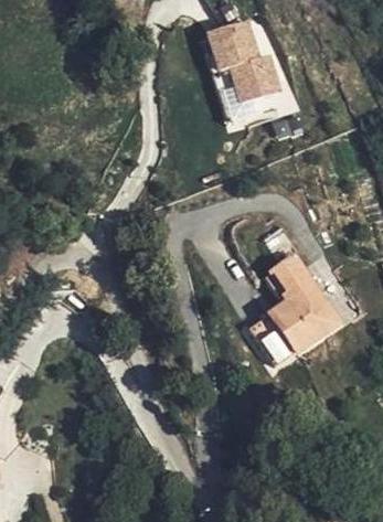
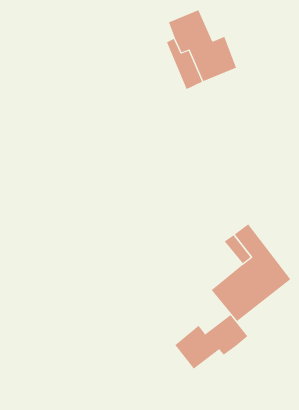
building: none -> [174,314,248,369]

